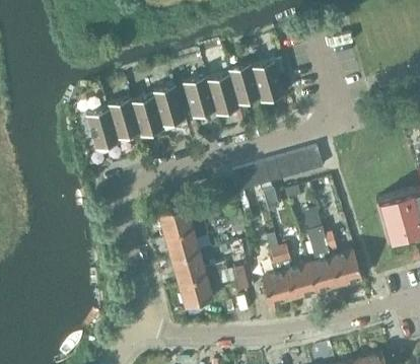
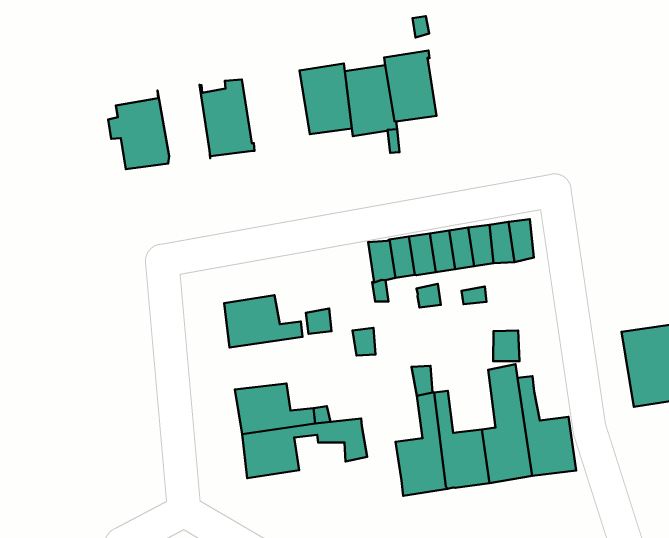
building: [252,61,284,102] -> none
building: [153,86,186,127] -> none
building: [109,99,141,140] -> none
building: [166,227,207,261] -> none

